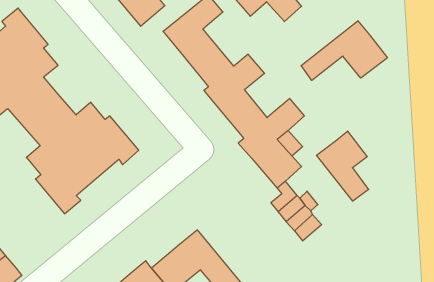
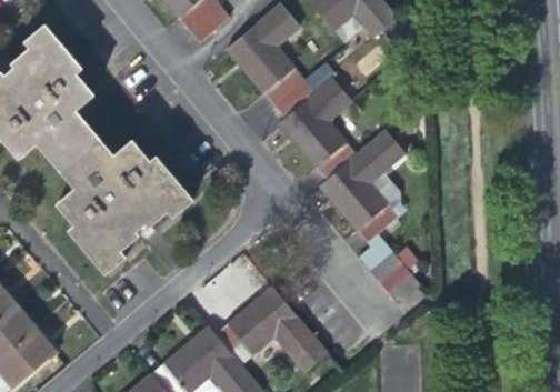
building: [301,21,387,80] -> none
building: [317,131,369,201] -> none

